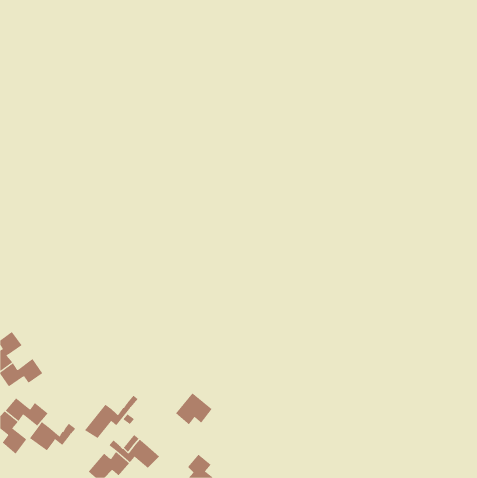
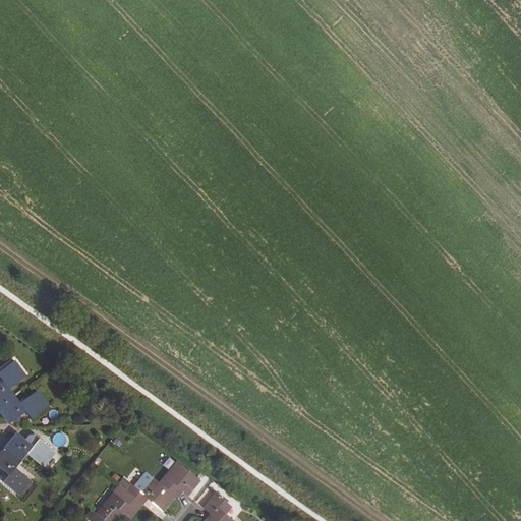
building: [175,392,213,425] -> [159,461,199,497]
building: [84,395,139,439] -> none
building: [29,421,76,451] -> none

